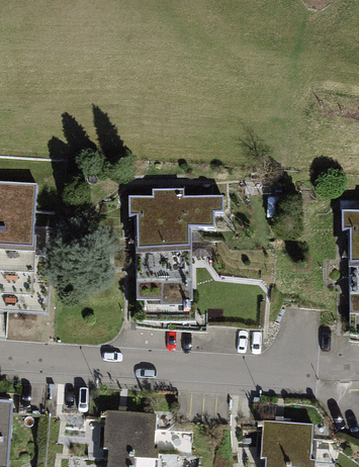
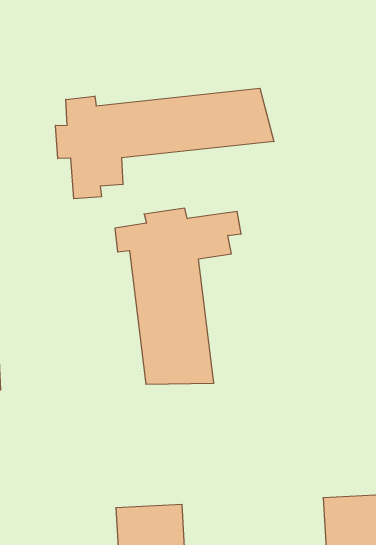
building: none -> [56,88,274,199]

